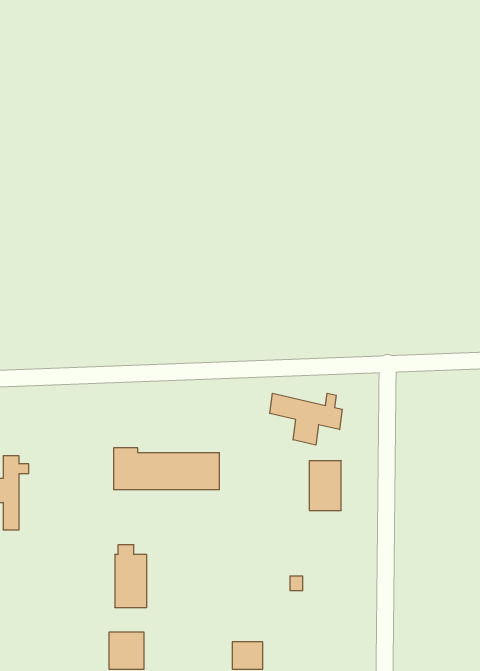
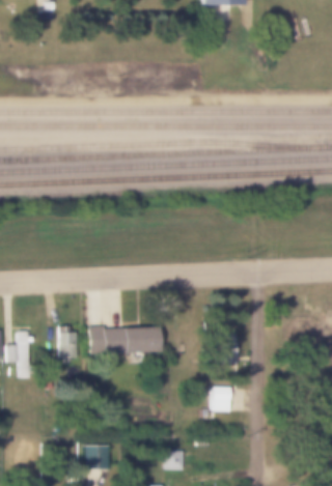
building: [270,393,342,445] -> none
building: none -> [215,385,233,410]
building: [115,545,147,607] -> [59,324,80,365]

